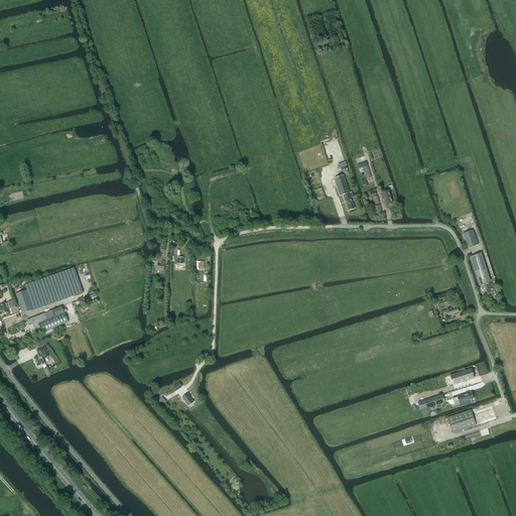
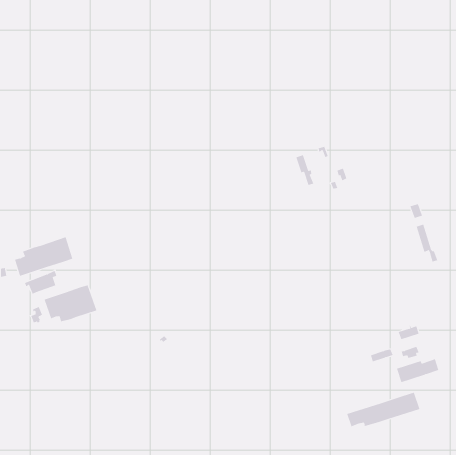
building: none -> [44,284,97,322]
building: none -> [347,392,420,427]

